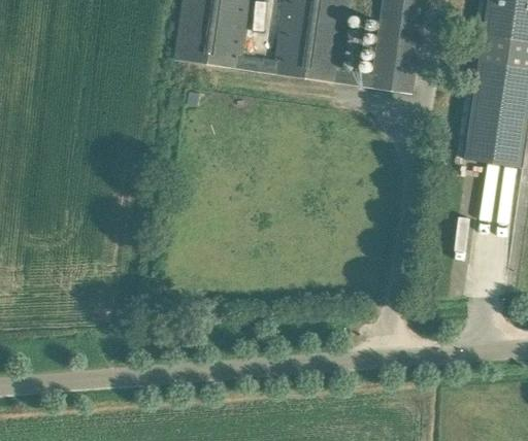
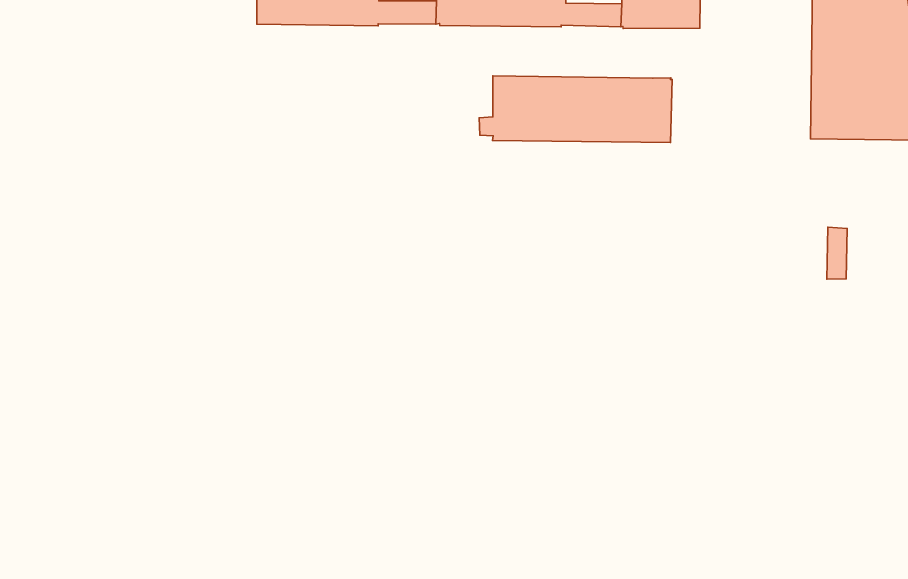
building: none -> [479,76,672,142]

